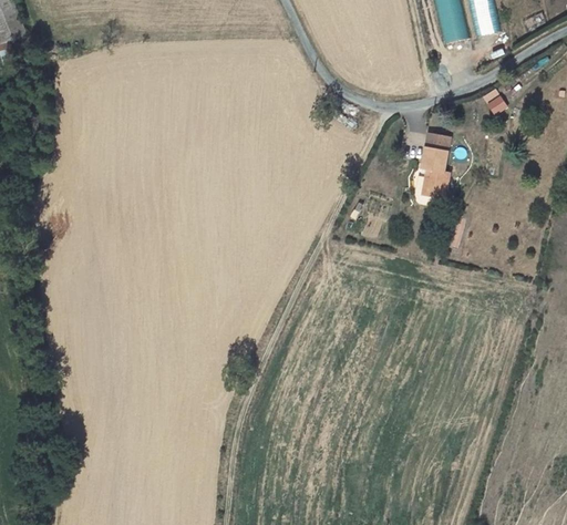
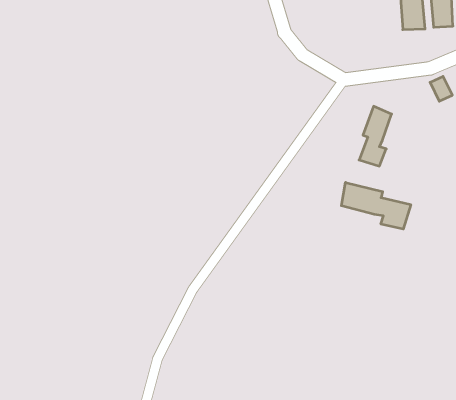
building: none -> [341,182,411,229]

